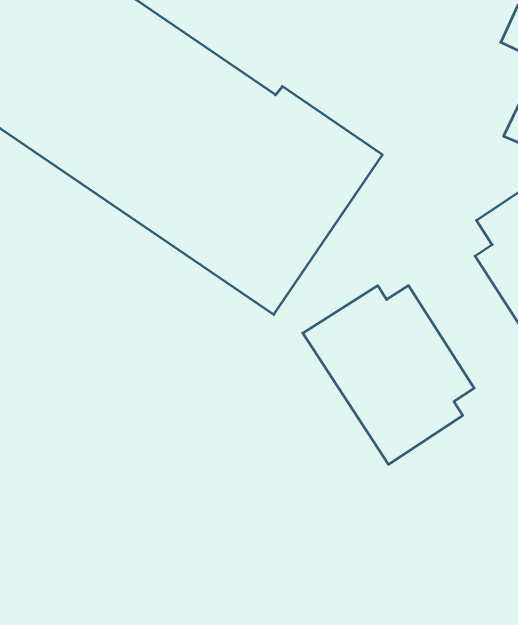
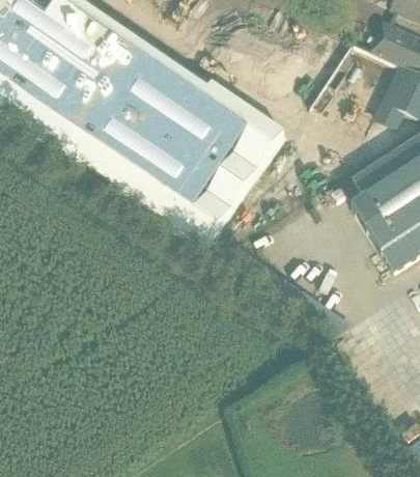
building: [303,286,474,464] -> none

